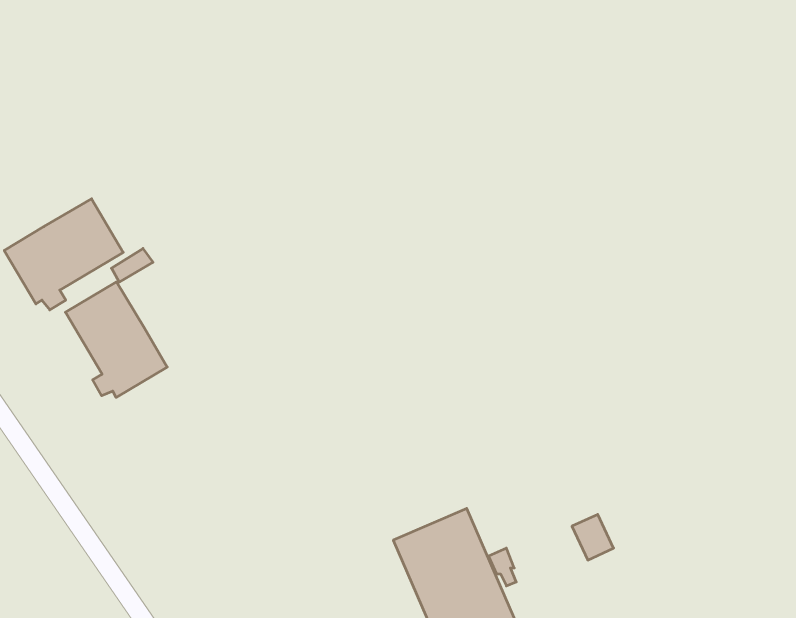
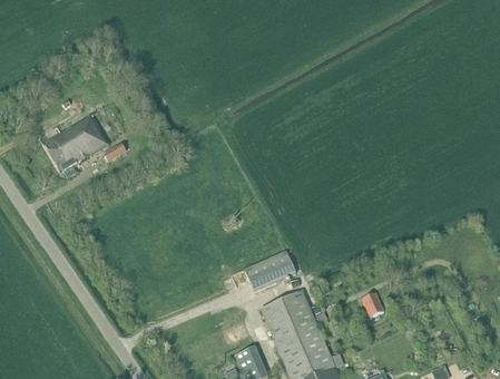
building: [65,282,167,397] -> none
building: none -> [243,250,295,291]

